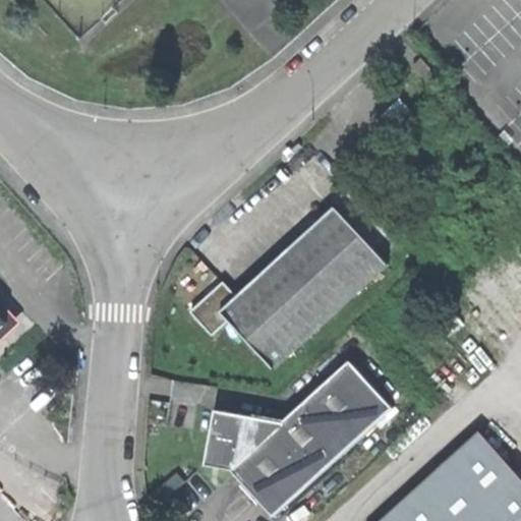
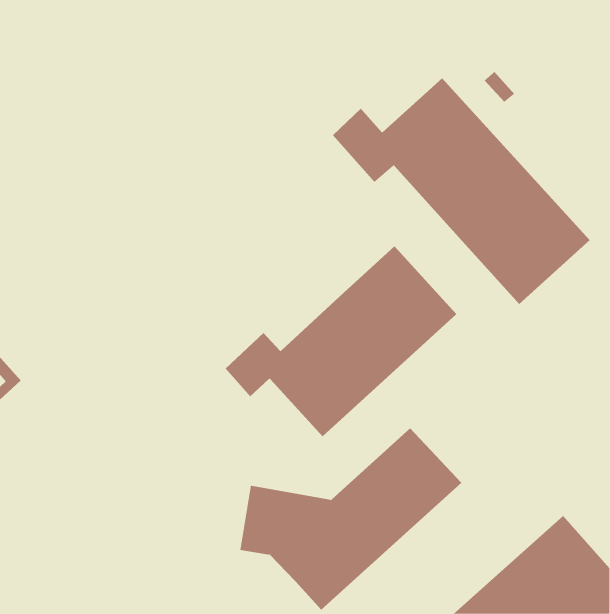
building: none -> [332,77,590,305]

